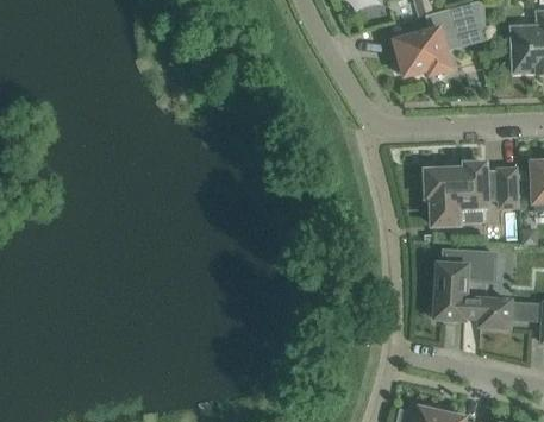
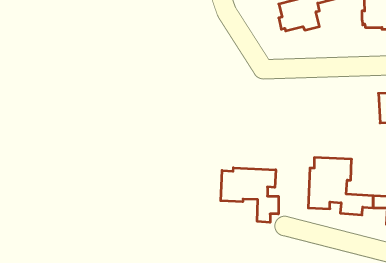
building: [424,164,519,226] -> none
building: none -> [221,168,278,222]

